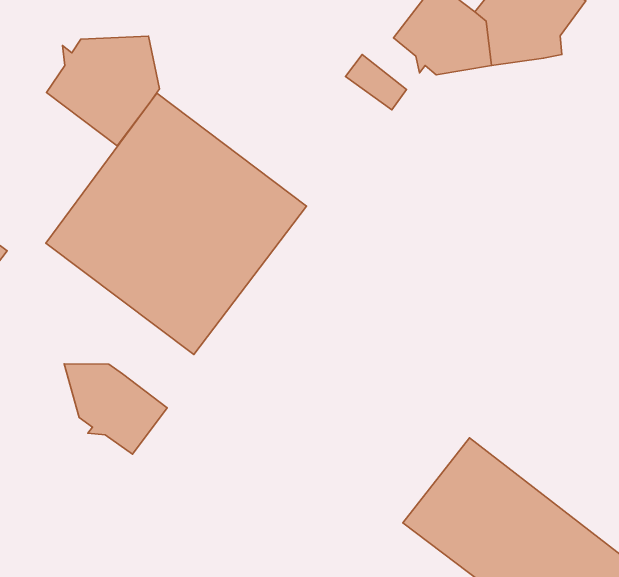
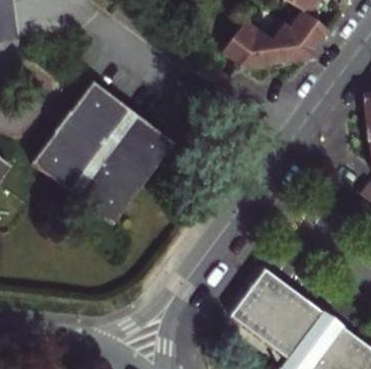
building: [46,36,159,146] -> none
building: [64,364,167,454] -> none

